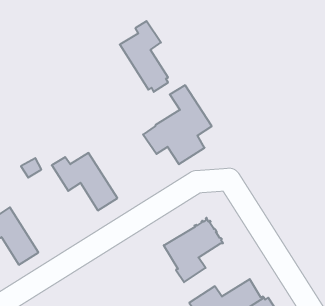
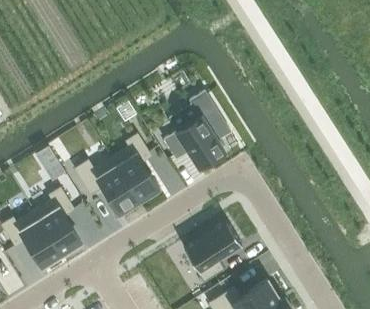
building: [120,21,168,92] -> [110,133,157,202]
building: none -> [33,186,80,253]

